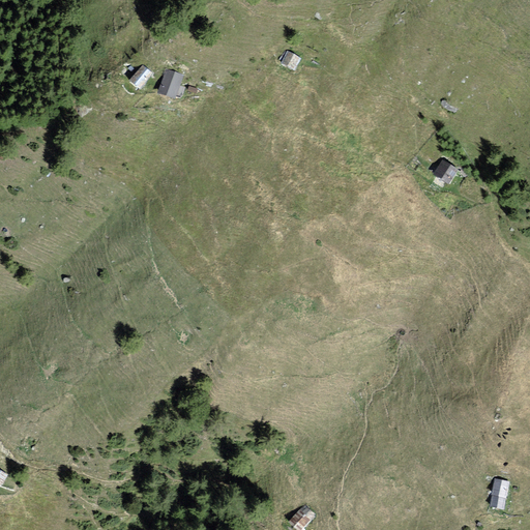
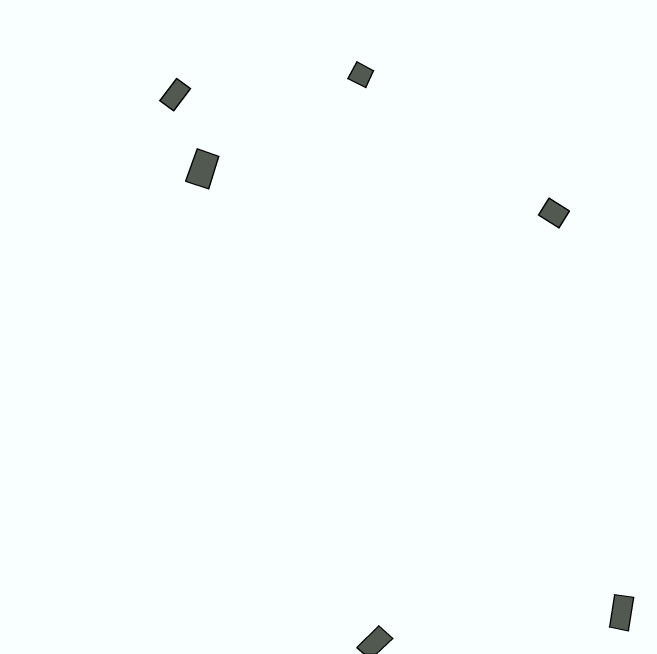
building: [156,67,183,99] -> [186,149,219,189]

